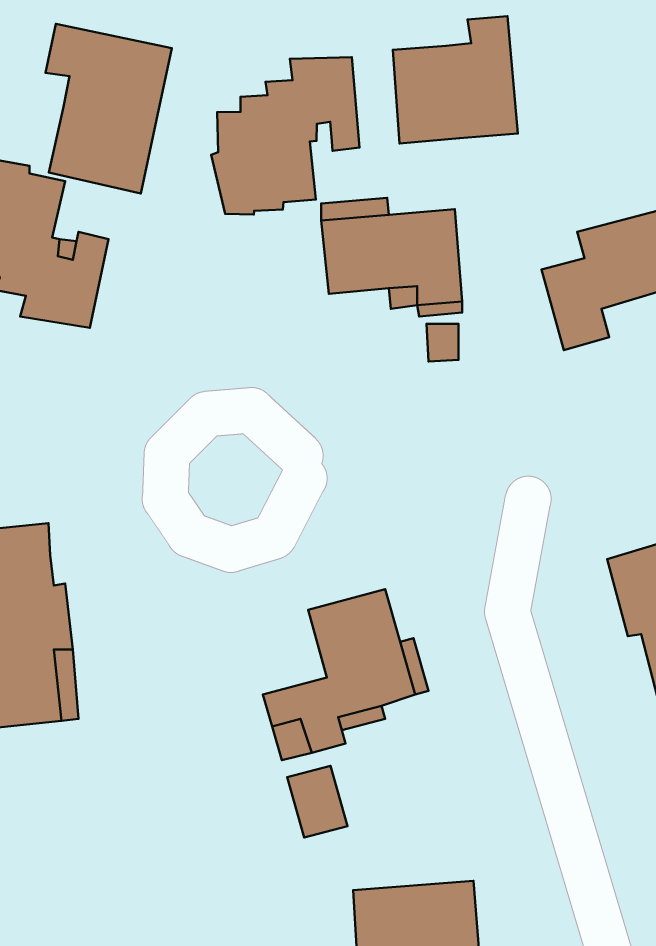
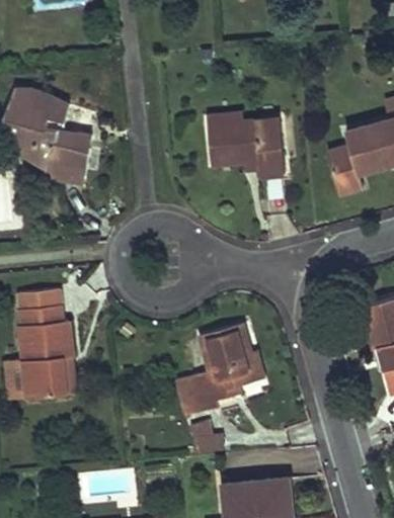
building: [393,16,518,143] -> none
building: [46,24,172,193] -> none
building: [211,57,360,215] -> none

